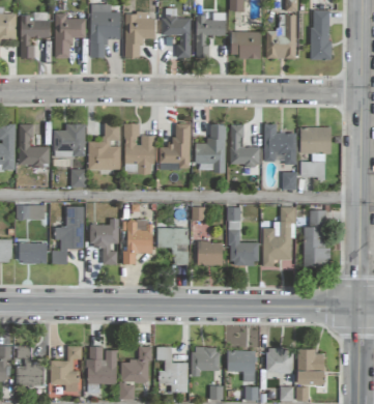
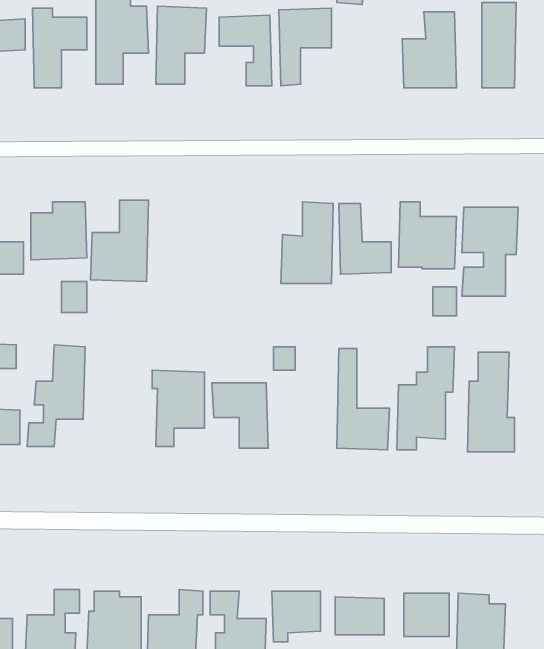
building: [230,32,261,58] -> none
building: [123,123,153,174] -> none
building: [159,124,190,168] -> none
building: [89,219,118,265] -> none
building: [197,241,223,266] -> none

